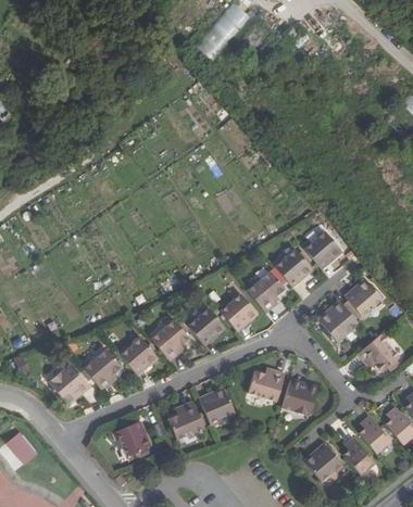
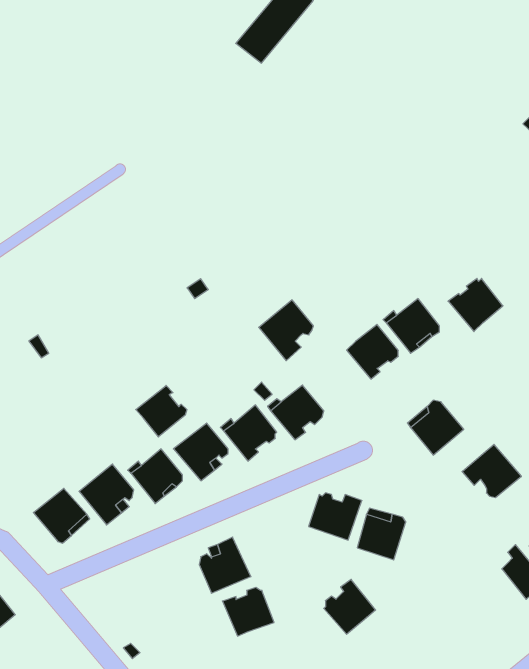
building: [246,269,285,313] -> [259,300,313,361]
building: [342,279,381,317] -> [448,278,503,332]
building: none -> [136,385,187,437]
building: [198,386,235,421] -> [222,587,274,636]
building: [358,414,390,453] -> none
building: [116,420,151,457] -> none
building: [342,435,375,473] -> none
building: [304,442,341,481] -> [324,579,376,634]

